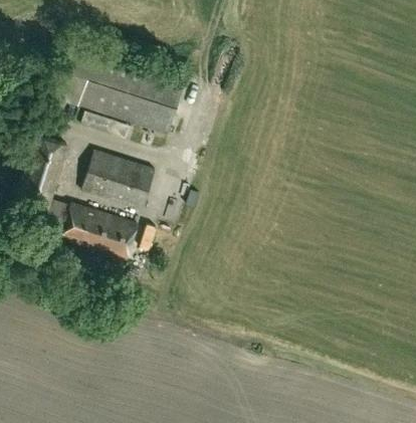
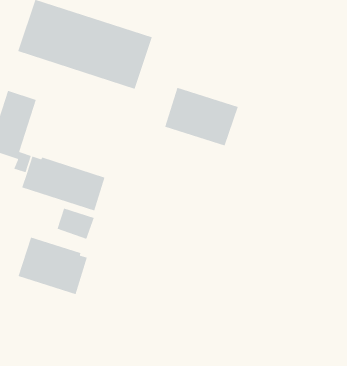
building: [82,151,159,212] -> [164,87,239,147]
building: none -> [18,237,88,295]

